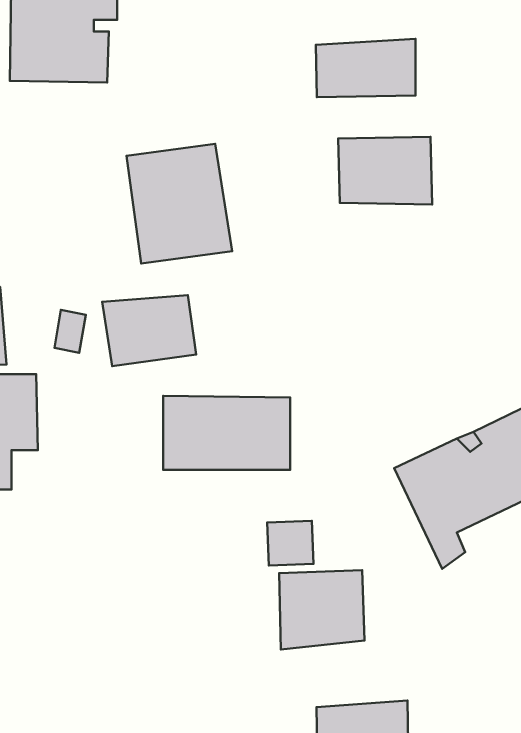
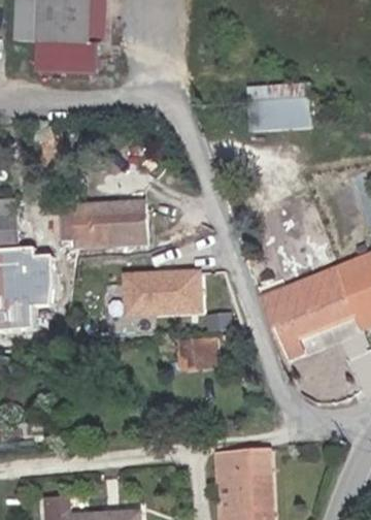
building: [316,39,416,97] -> none
building: [126,144,232,264] -> none
building: [279,570,365,650] -> none

